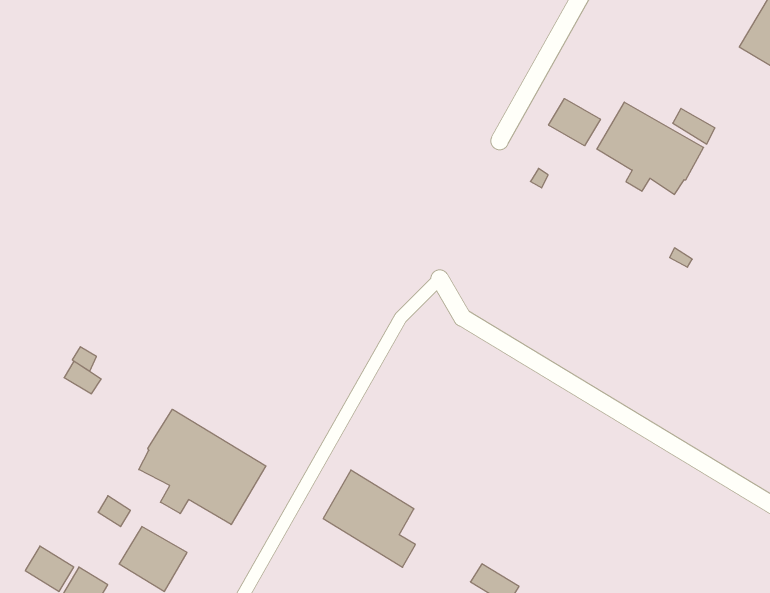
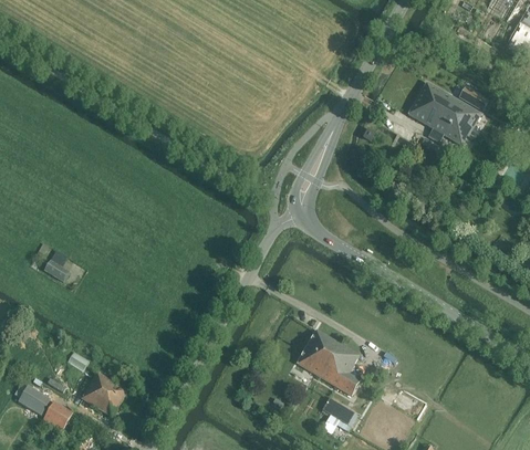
building: [549,99,600,146] -> none
building: [139,409,266,525] -> none
building: [323,470,415,567] -> [298,328,361,395]

